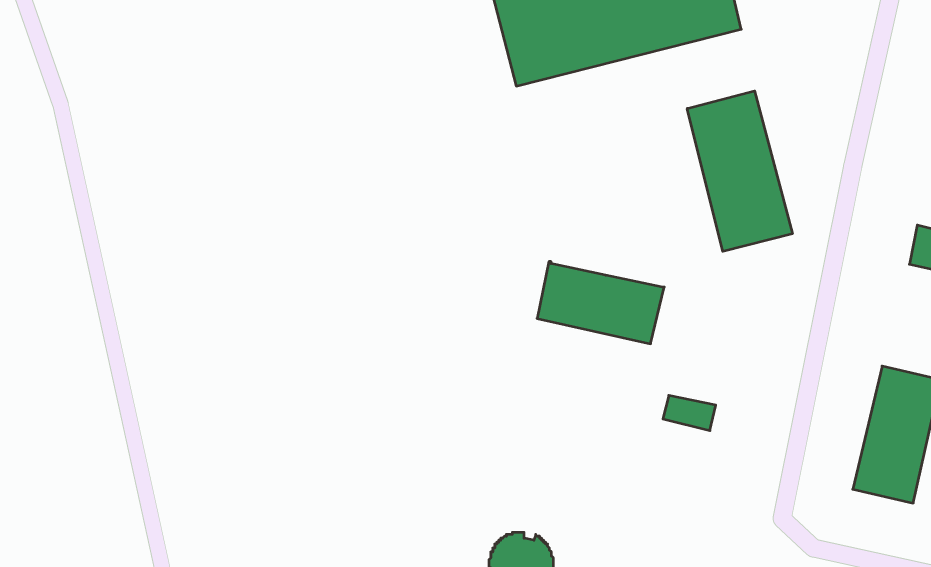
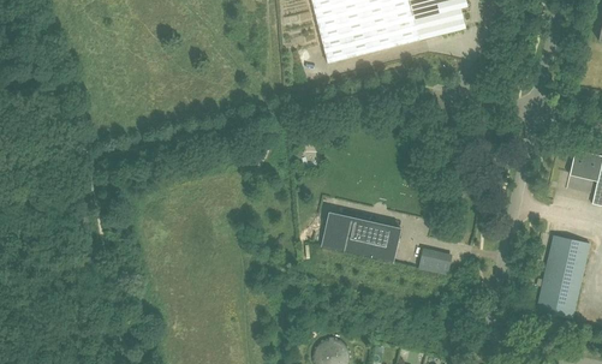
building: [687,91,792,251] -> none
building: [537,262,664,344] -> [322,213,400,263]

